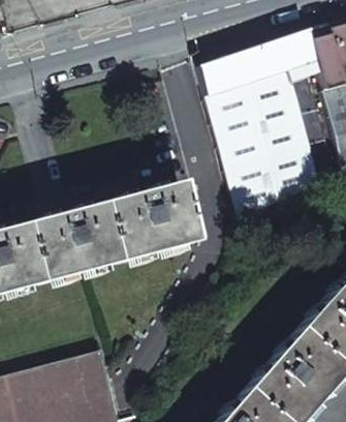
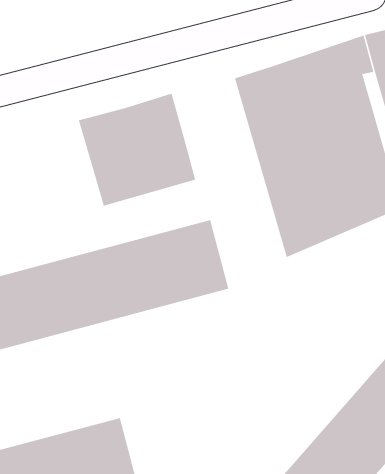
building: none -> [78,93,196,207]

